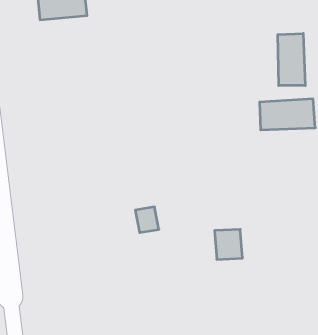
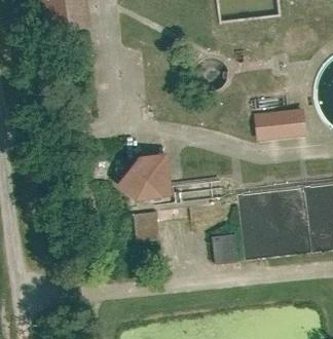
building: [278,33,305,86] -> none
building: none -> [125,152,177,203]

